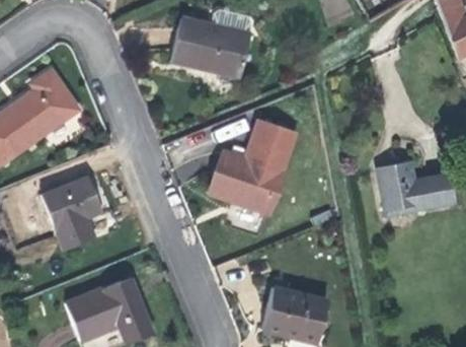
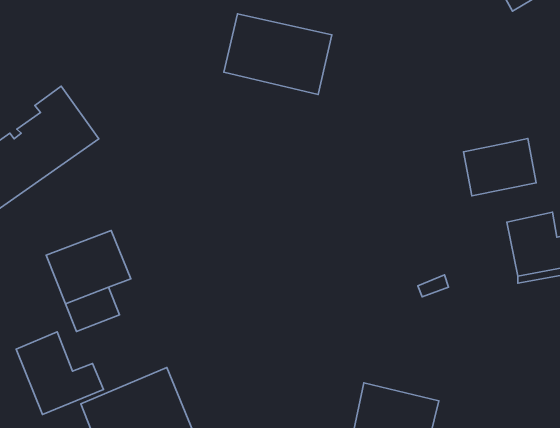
building: none -> [464,139,536,196]
building: [212,121,295,211] -> none
building: none -> [16,332,103,415]

